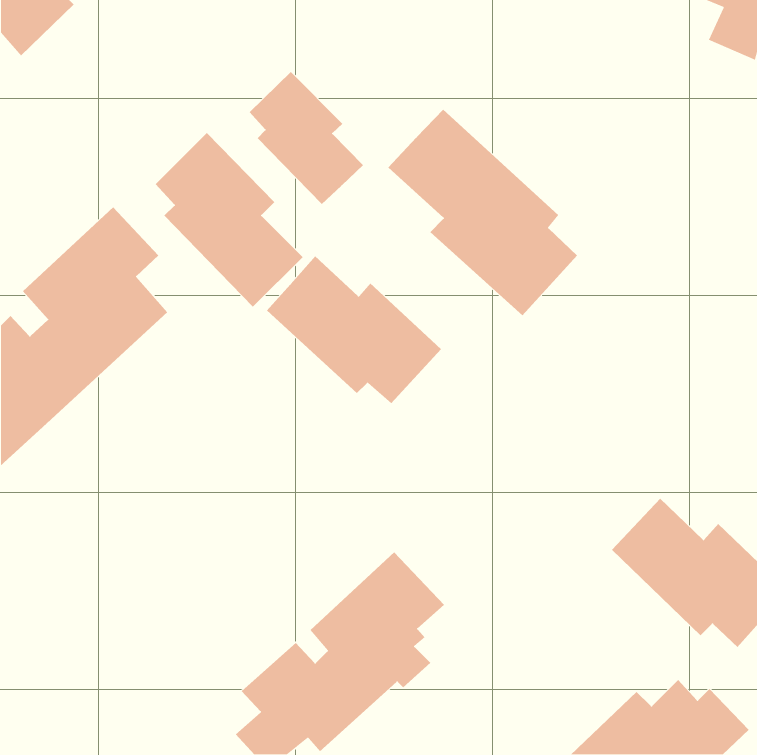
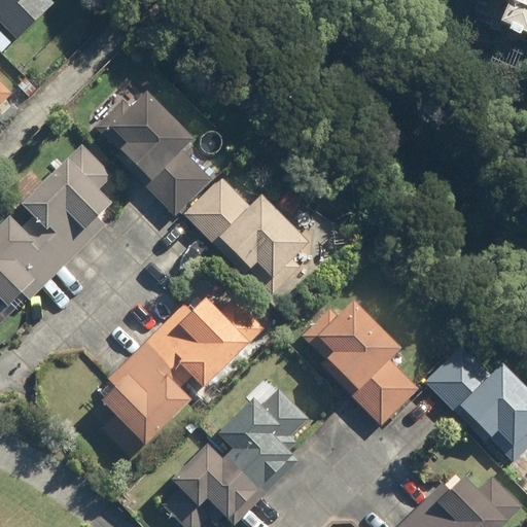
building: [249,71,364,205] -> none
building: [387,109,578,316] -> none
building: none -> [100,291,262,446]
building: none -> [303,304,419,425]

